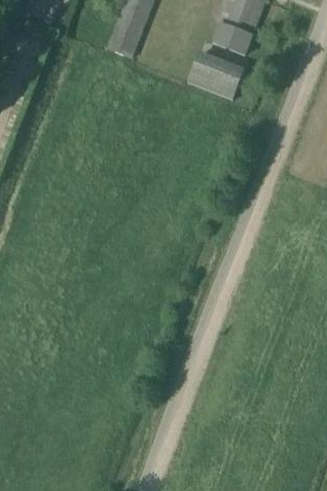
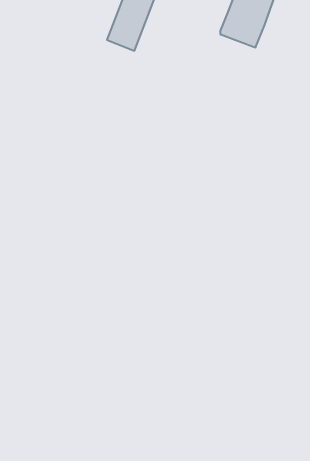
building: [188,50,244,96] -> none

